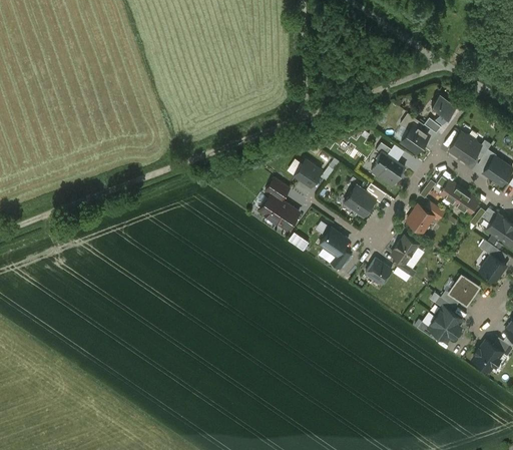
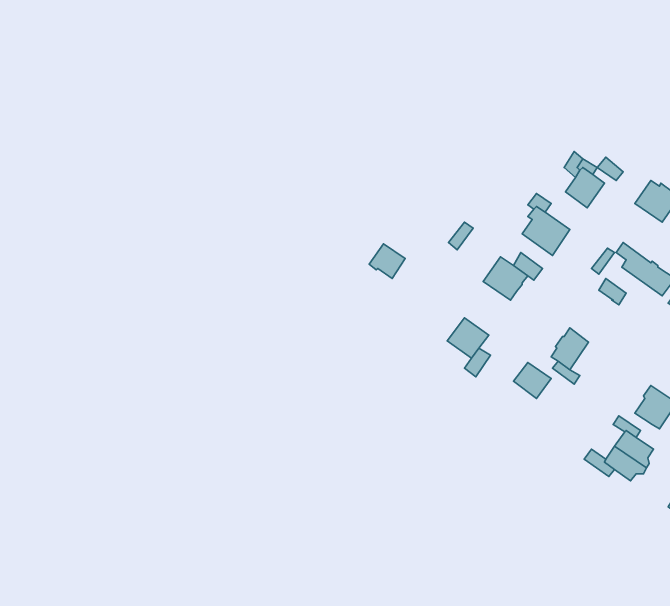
building: [431,94,456,124] -> none
building: [294,160,321,187] -> none
building: [259,194,299,230] -> none
building: [406,204,434,233] -> none

